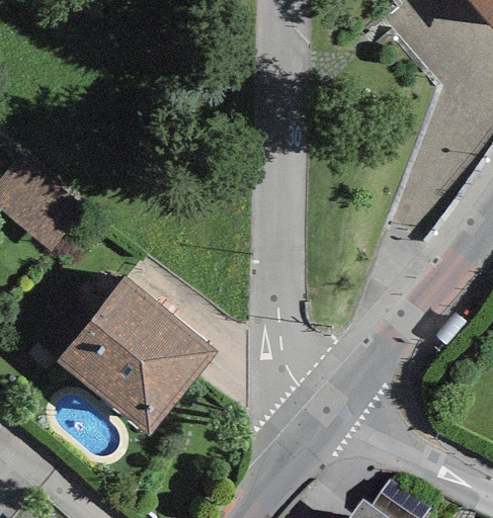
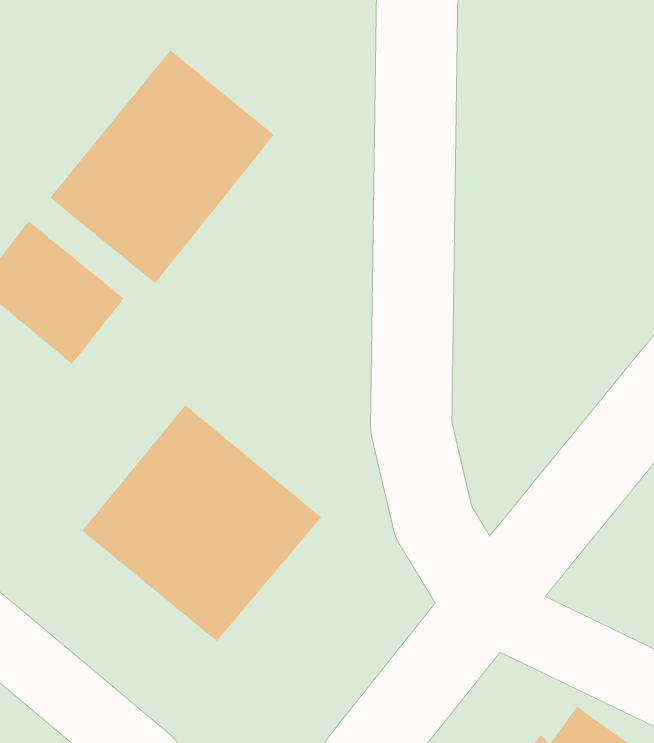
building: none -> [49,49,275,284]

